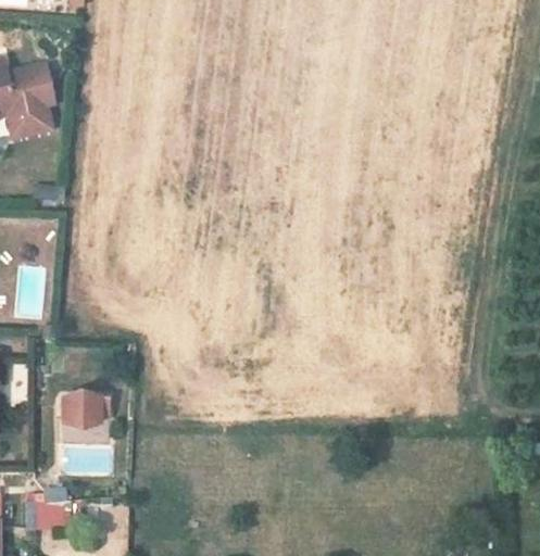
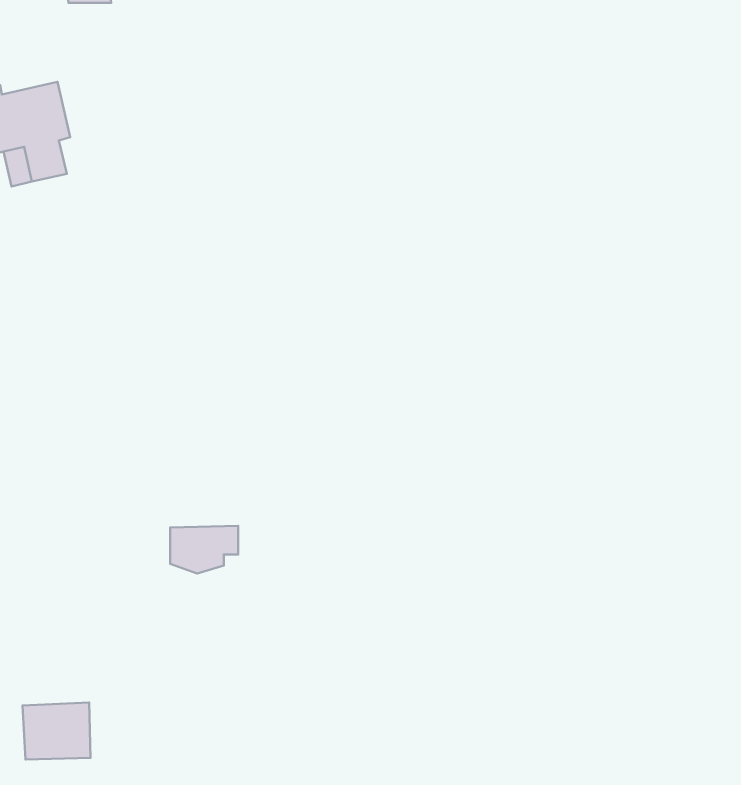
building: [62,404,109,437] -> [170,526,238,573]

